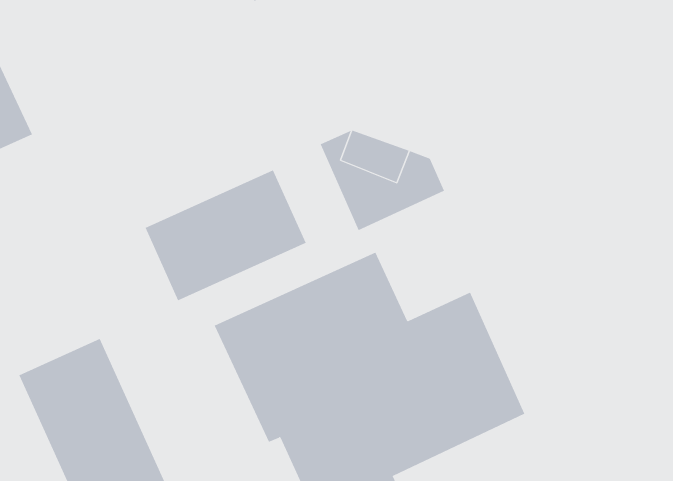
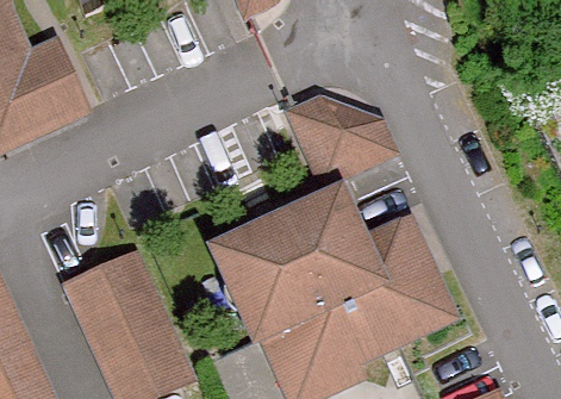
building: [145,170,306,301] -> none

